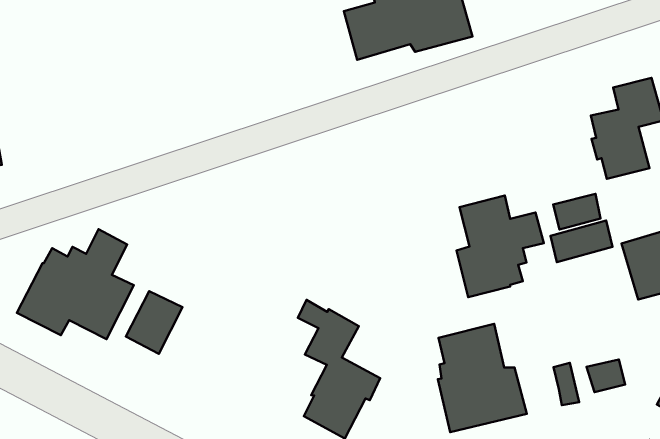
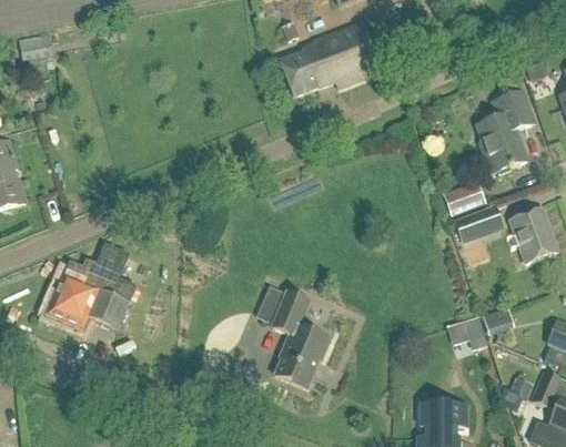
building: [457,196,544,297] -> none
building: [126,291,182,354] -> none
building: [438,324,527,432] -> none

